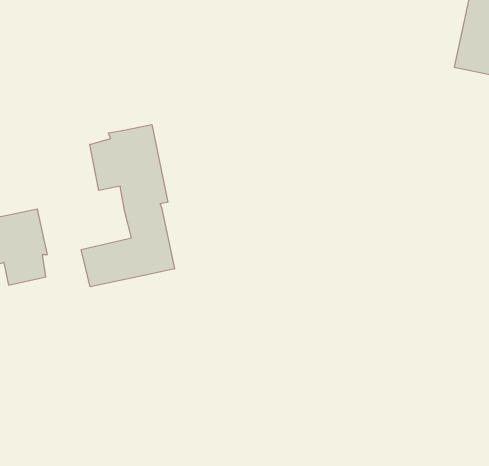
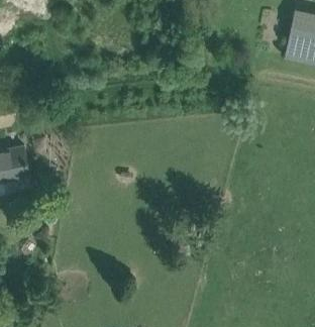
building: [81,125,175,287] -> none

